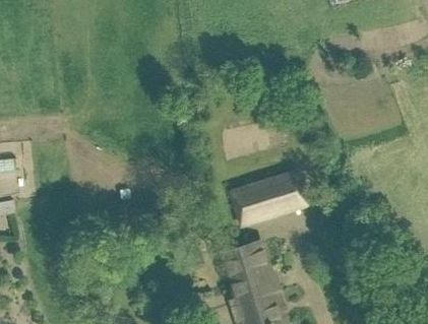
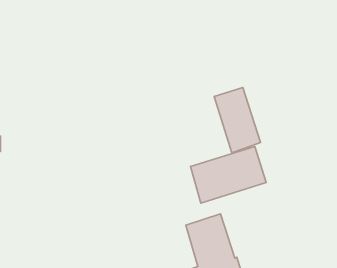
building: none -> [214,88,260,153]

